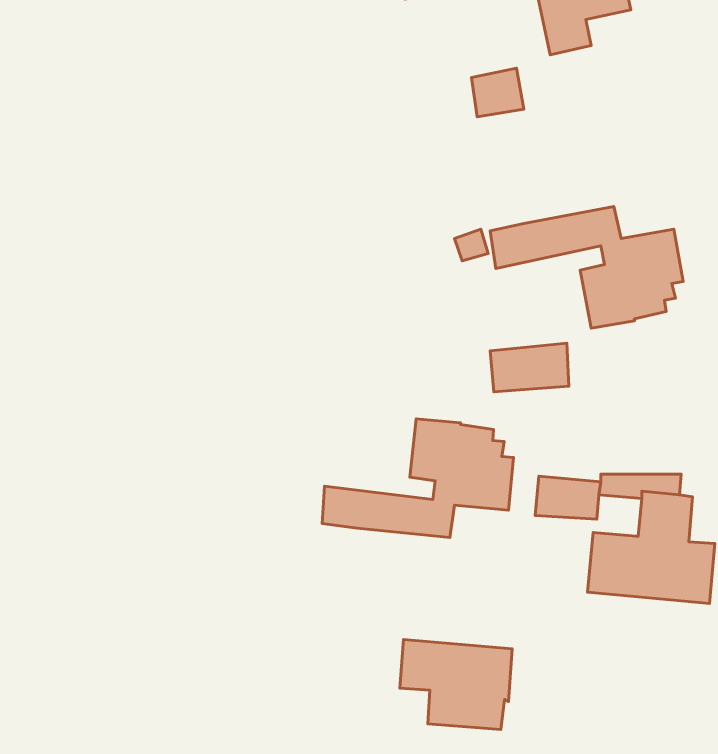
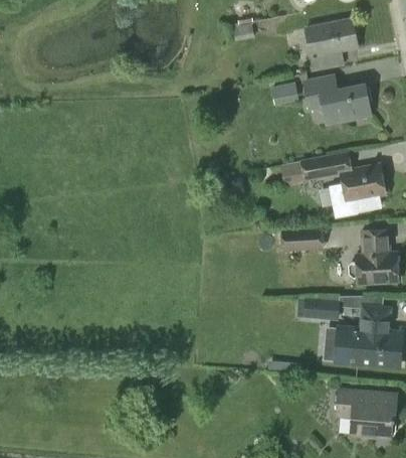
building: none -> [302,73,370,123]
building: none -> [353,227,398,283]
building: [322,419,513,537] -> none
building: [400,640,512,729] -> [336,389,396,437]

